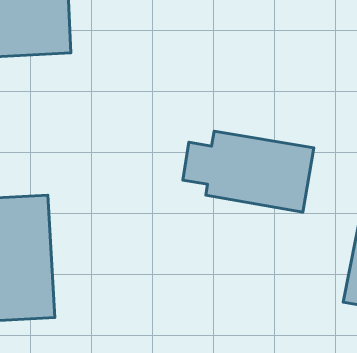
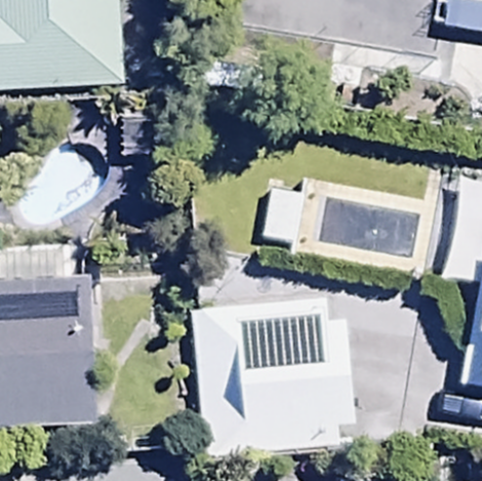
building: none -> [232,309,349,436]

